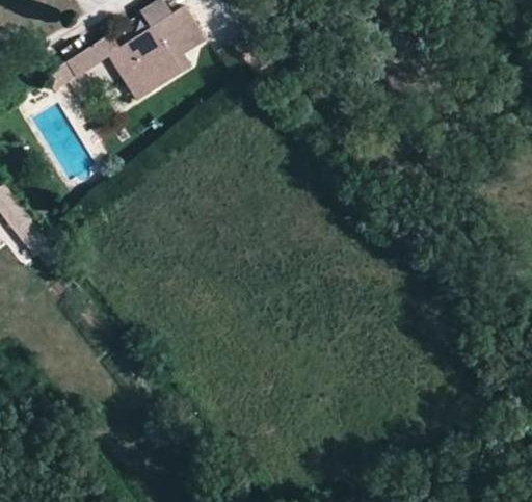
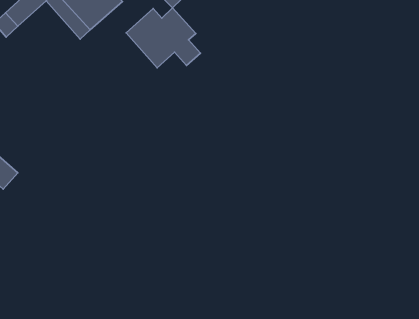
building: none -> [126,8,201,68]

